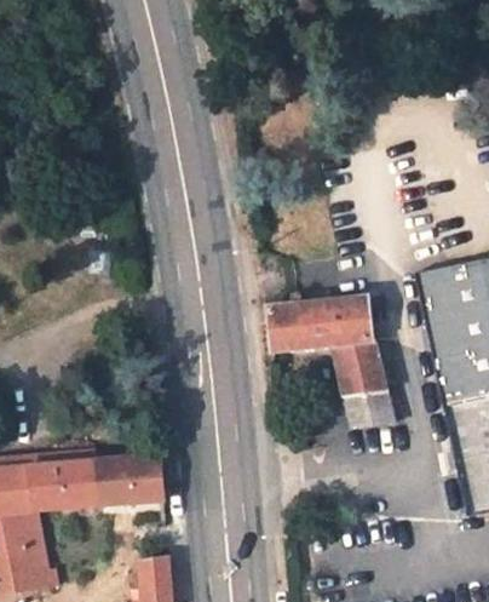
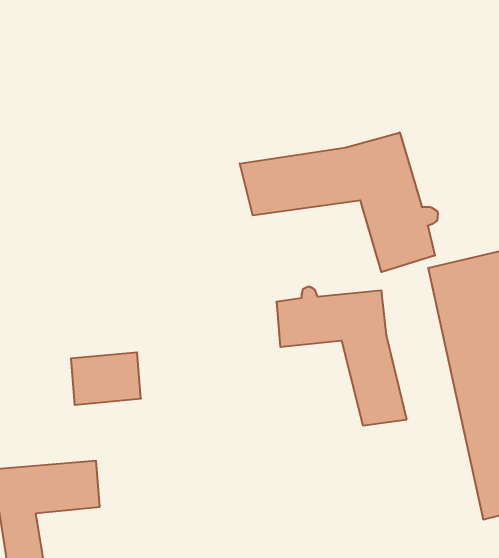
building: none -> [240,132,438,272]
building: [96,454,163,505] -> [71,352,141,405]

